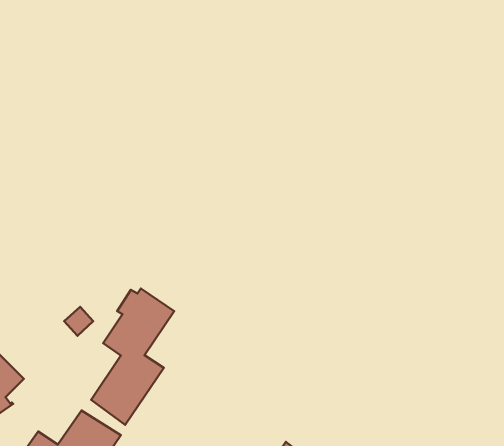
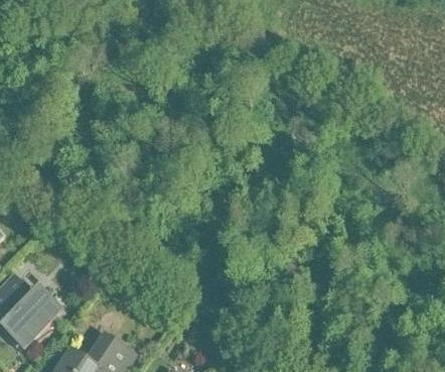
building: [91,288,174,425] -> none

